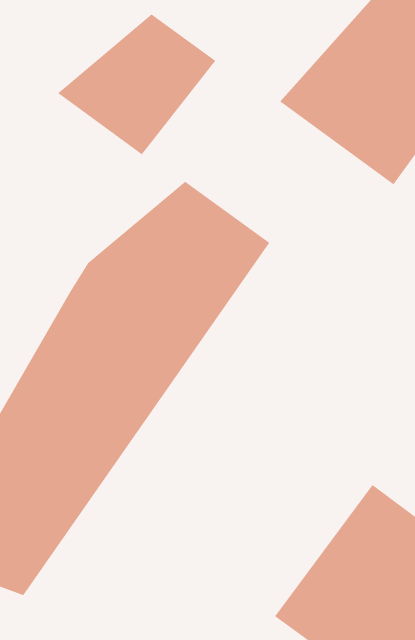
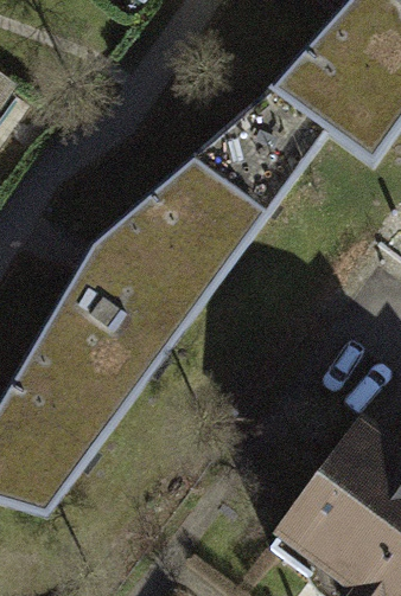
building: [57,14,216,155] -> [189,90,329,214]

